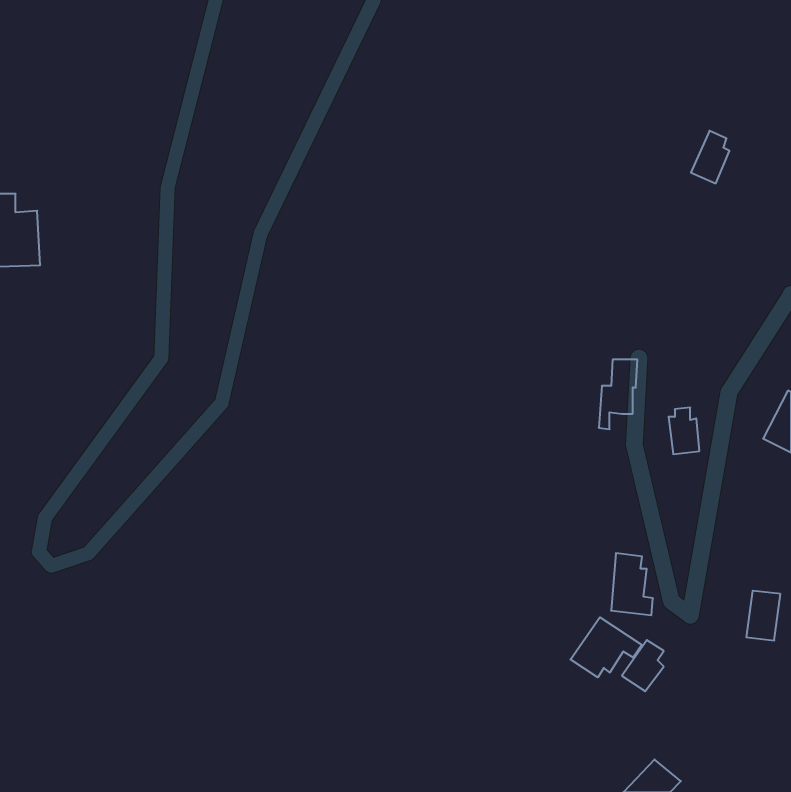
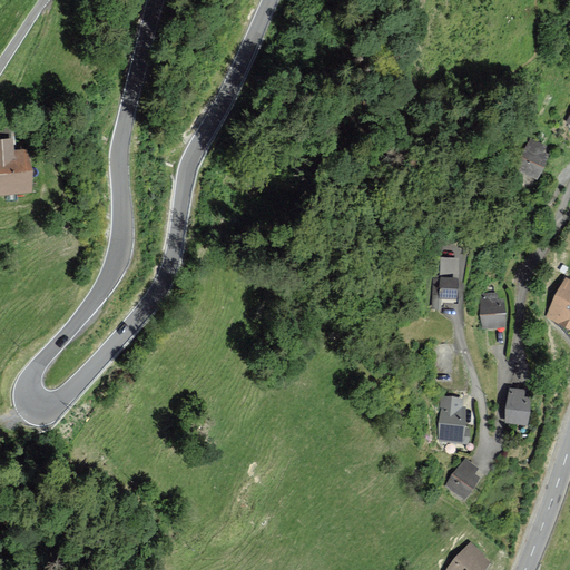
building: [691,131,730,183] -> [518,140,546,178]
building: [746,591,780,640] -> [505,389,530,424]
building: [570,617,642,677] -> none

